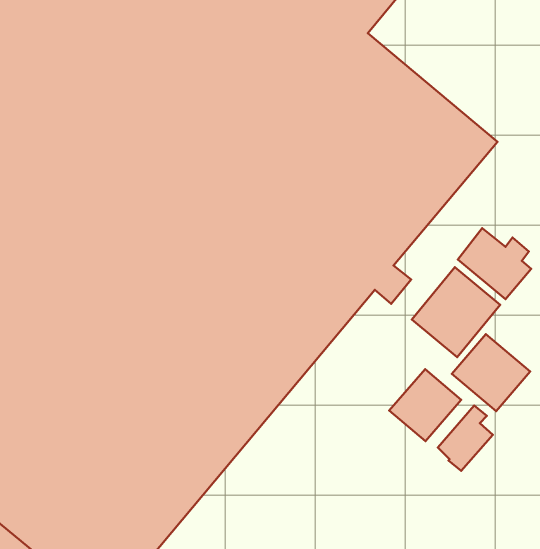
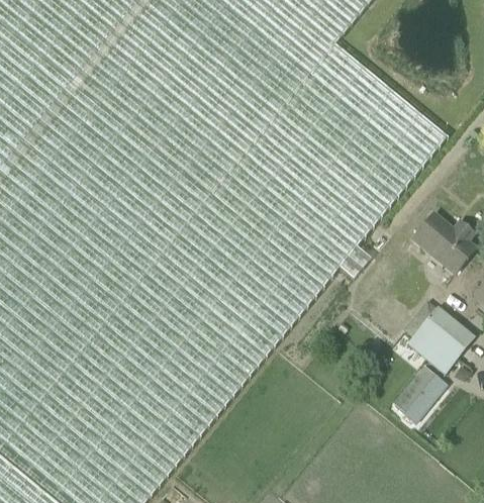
building: [412,267,500,357] -> none
building: [389,369,461,441] -> none

